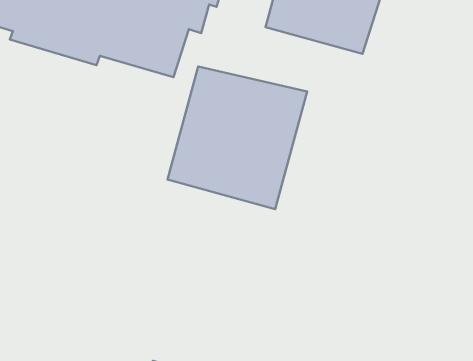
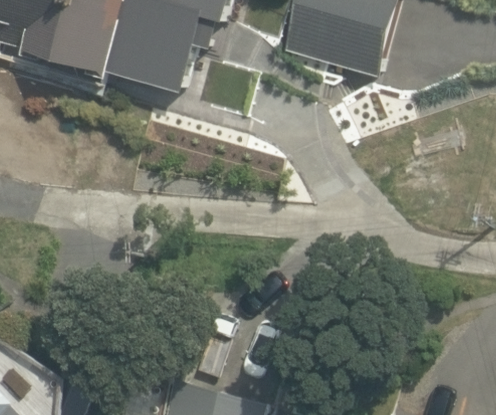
building: [167,67,307,209] -> none

